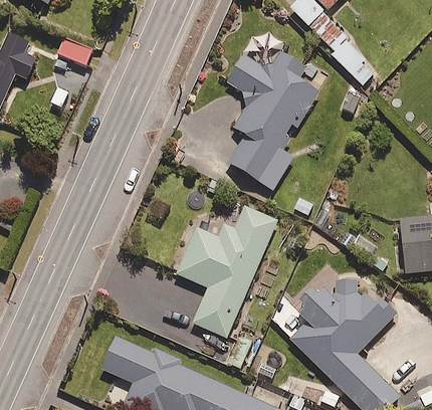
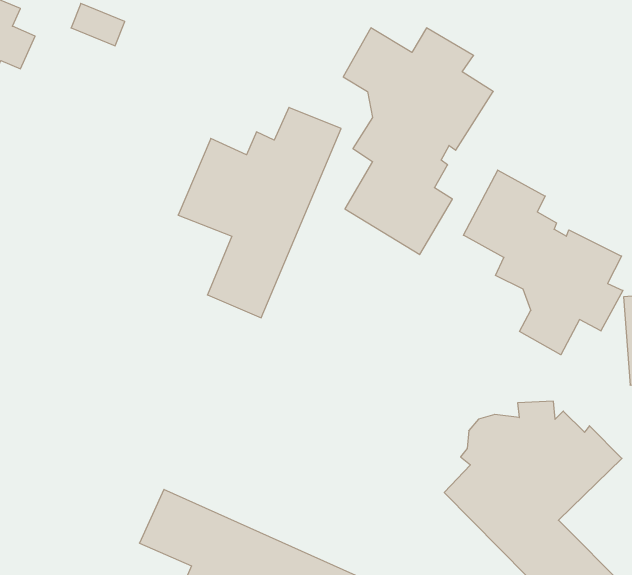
building: none -> [463,170,623,355]
building: [176,207,276,337] -> [178,107,341,318]

